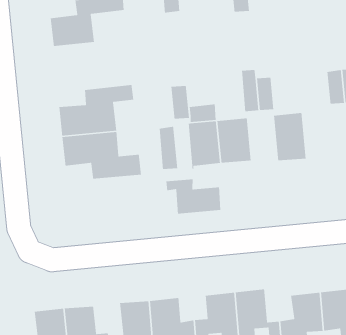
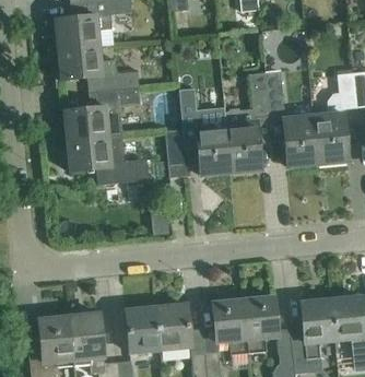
building: none -> [58,45,139,93]
building: none -> [313,113,349,164]
building: [165,178,221,215] -> none

